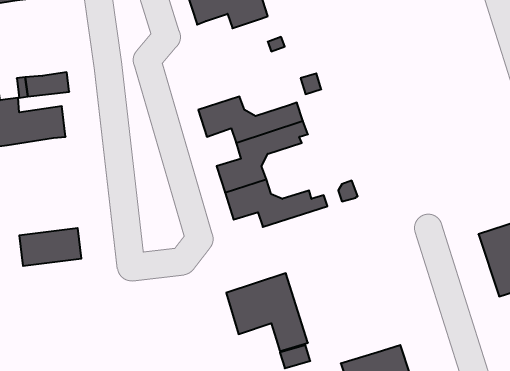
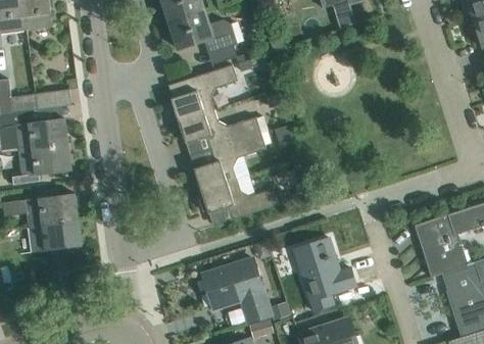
building: none -> [171,65,237,121]
building: none -> [18,144,71,178]
building: none -> [25,194,78,227]
building: none -> [294,239,355,310]

